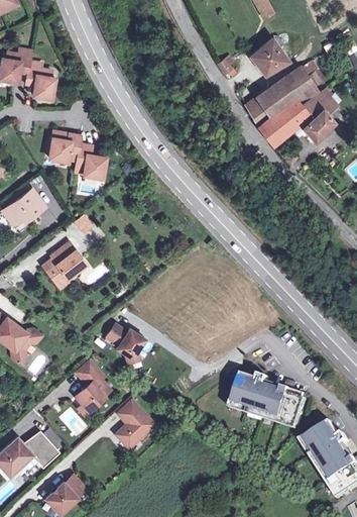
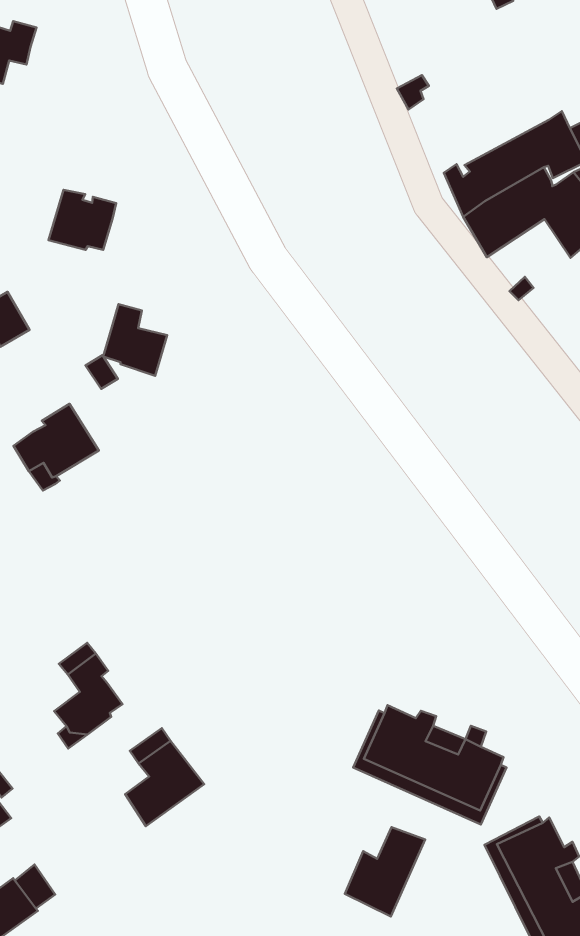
building: [249,37,287,74] -> none
building: [26,62,55,99] -> none
building: [75,144,106,179] -> [103,304,167,376]
building: [103,323,142,363] -> none
building: none -> [345,827,425,917]

